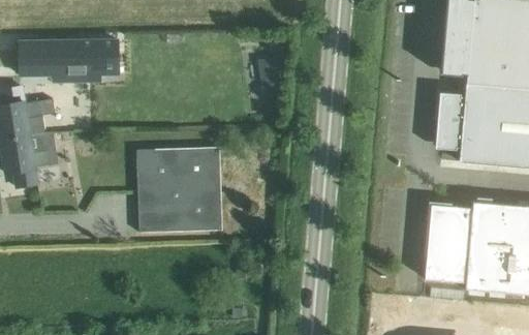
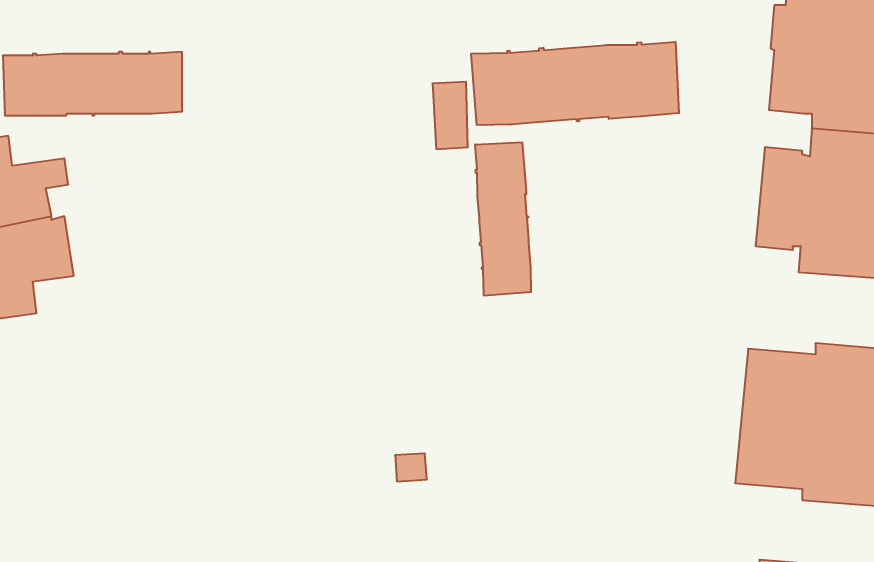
building: none -> [471,42,679,125]
building: none -> [475,142,531,296]
building: [136,147,222,234] -> none

